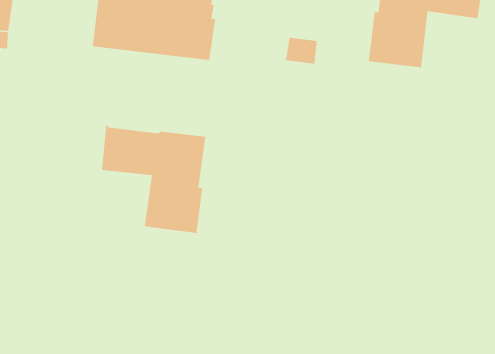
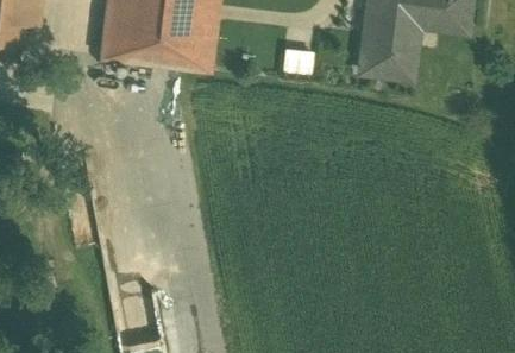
building: [101,124,206,234] -> none

